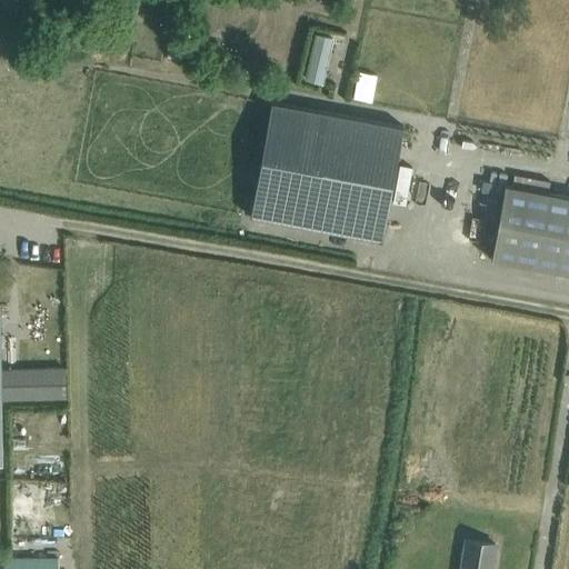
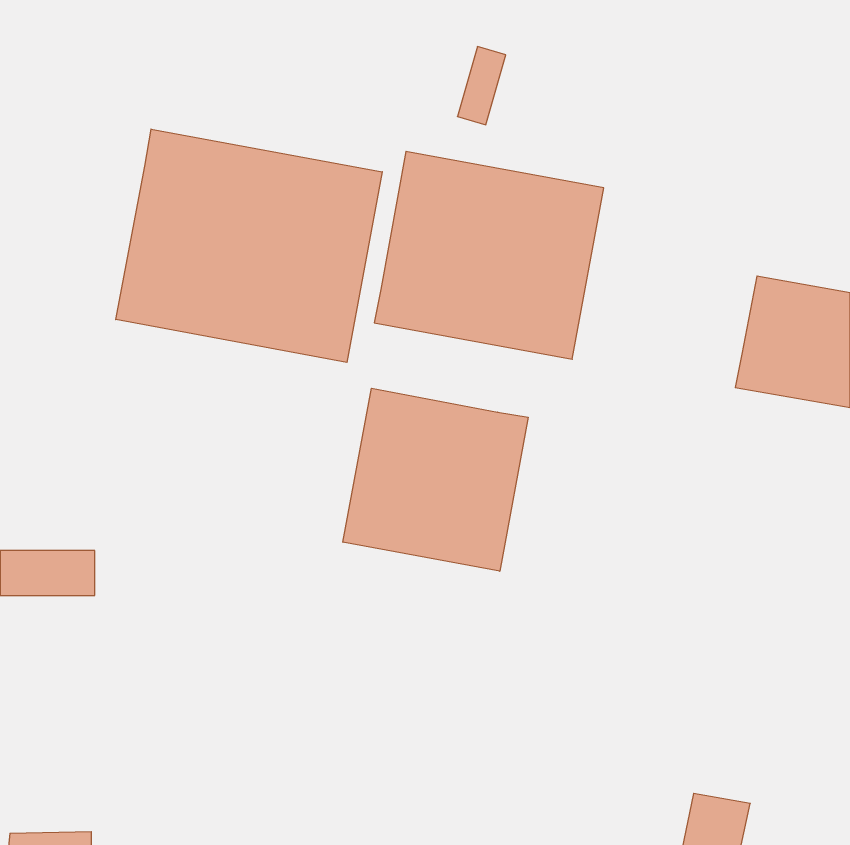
building: none -> [116,129,382,362]
building: none -> [343,388,528,571]

